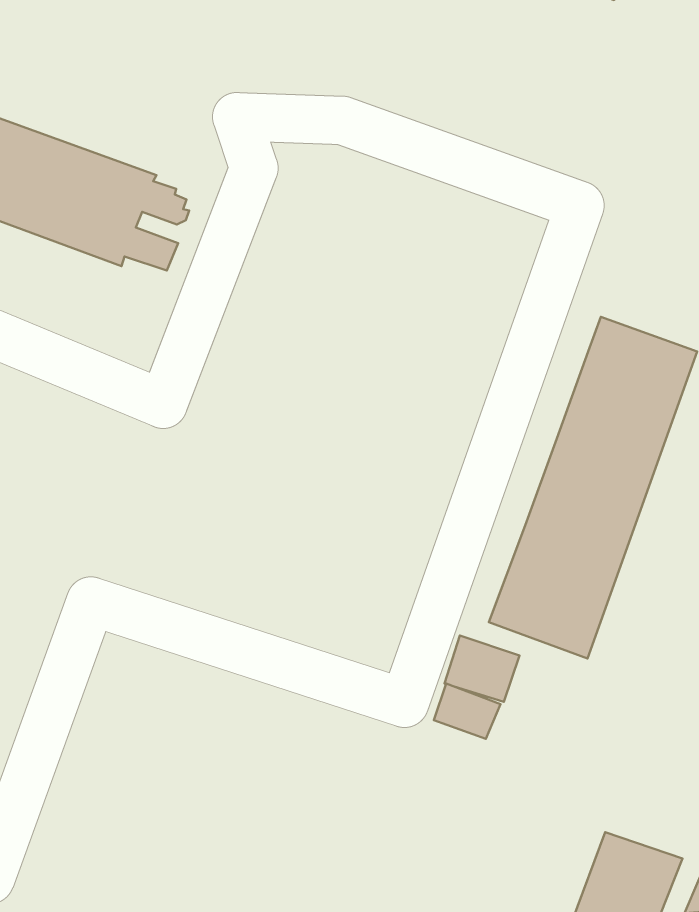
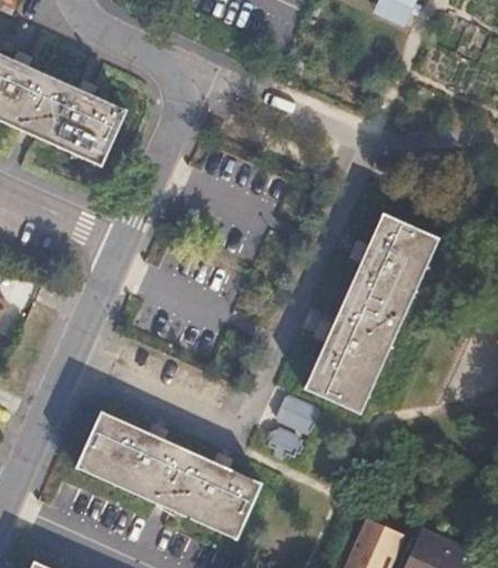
building: none -> [79,412,260,538]

